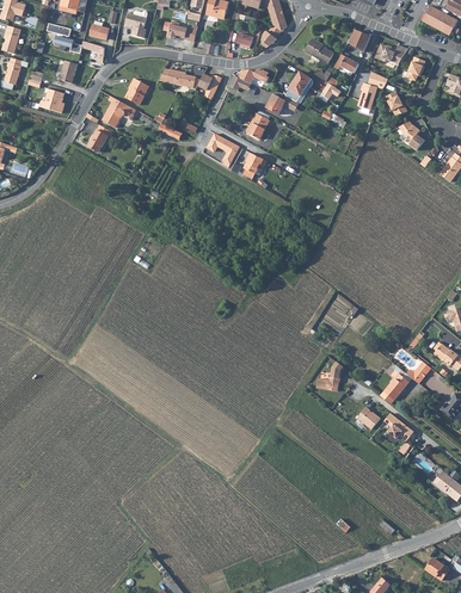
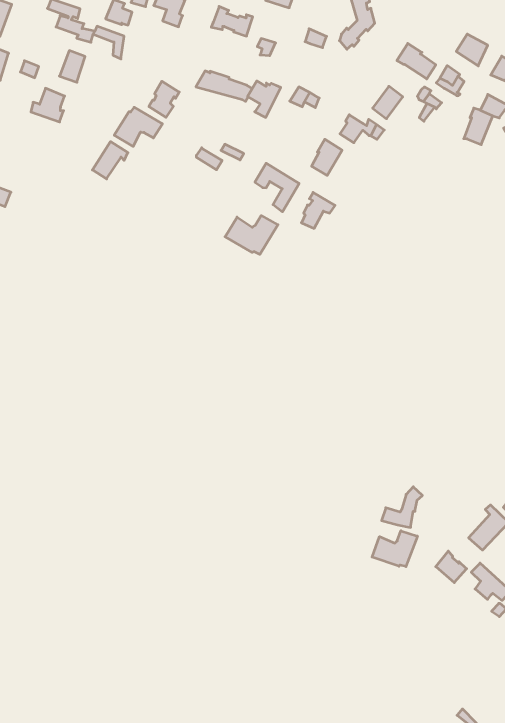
building: none -> [225,216,278,254]
building: none -> [372,531,417,567]

